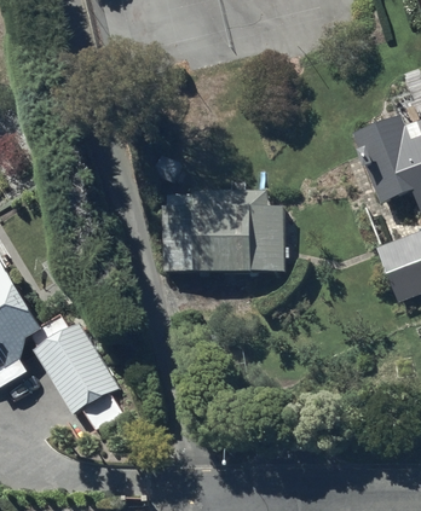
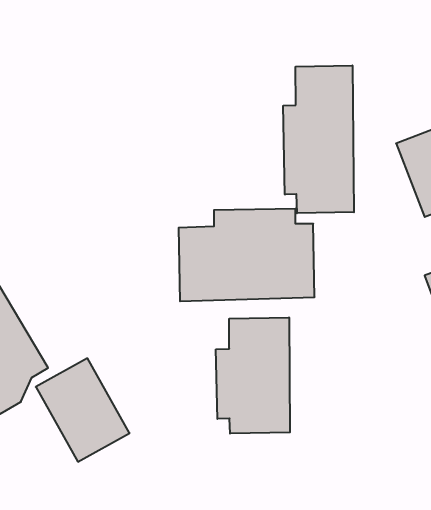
building: none -> [283,65,354,213]
building: none -> [216,317,290,434]

